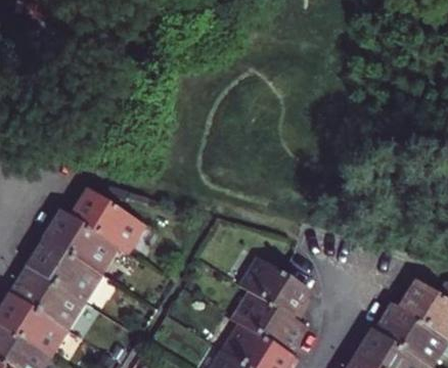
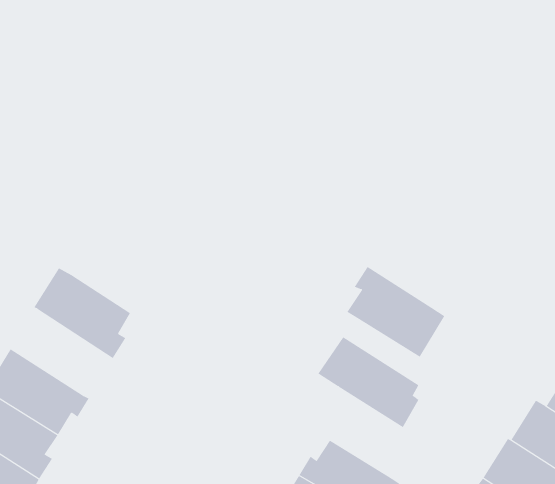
building: [70,186,146,252] -> none
building: [27,238,100,298] -> none
building: [240,292,309,356] -> [347,266,445,358]

